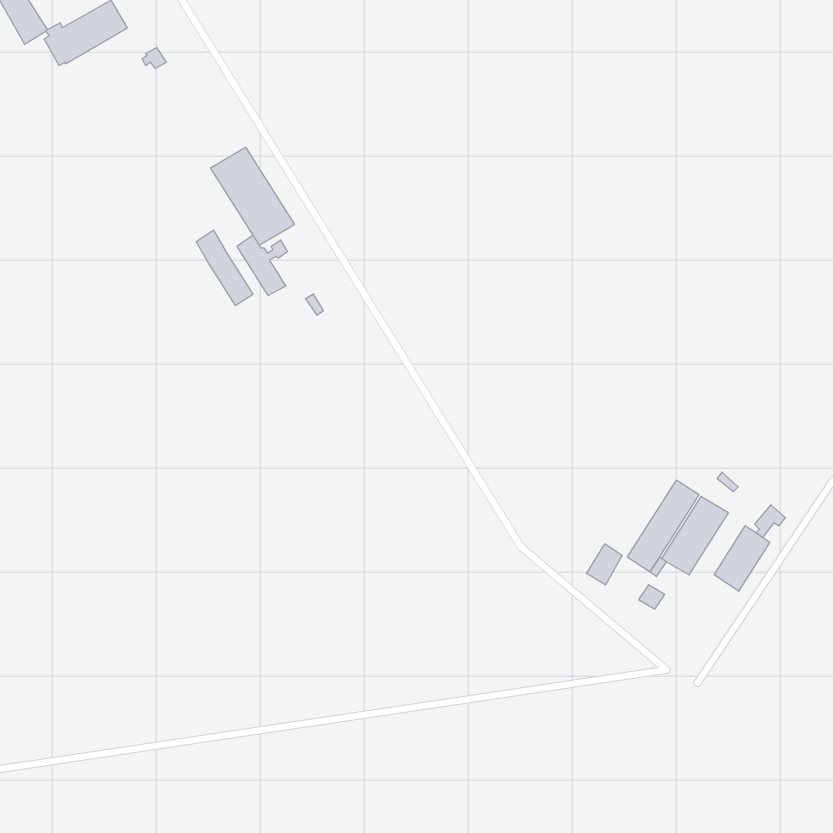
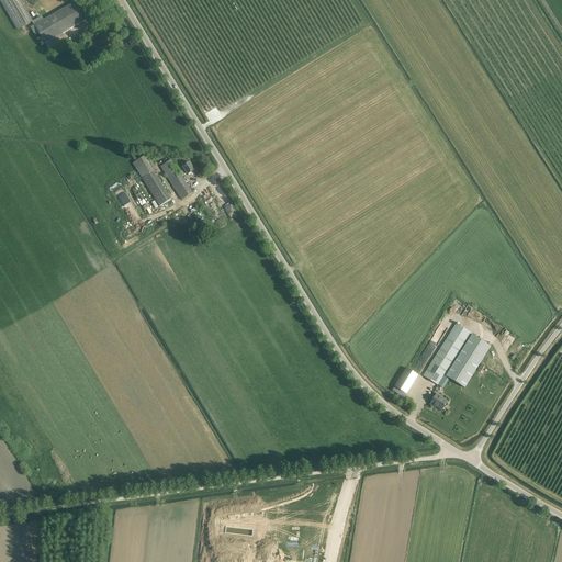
building: [211,147,294,245] -> none
building: [714,526,770,591] -> none

